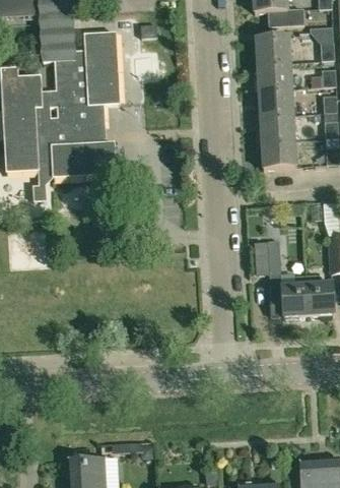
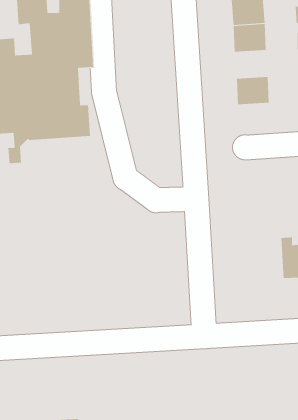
building: [259,87,293,116] -> none
building: [262,140,296,170] -> none
building: [267,240,308,318] -> none

